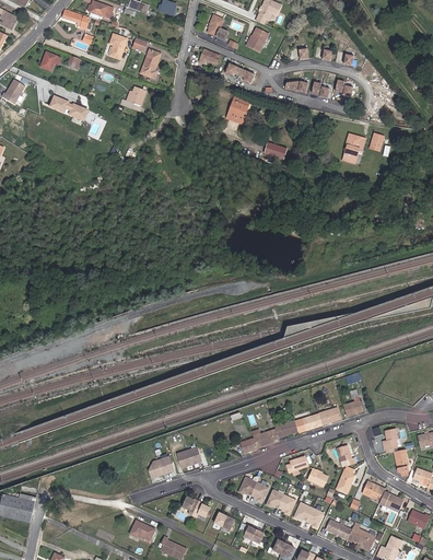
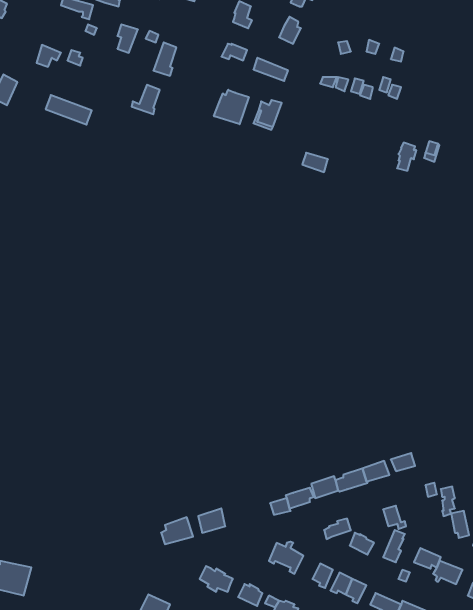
building: none -> [214,90,249,124]

